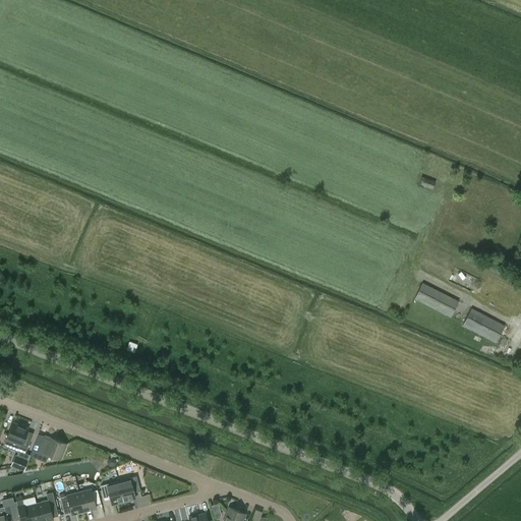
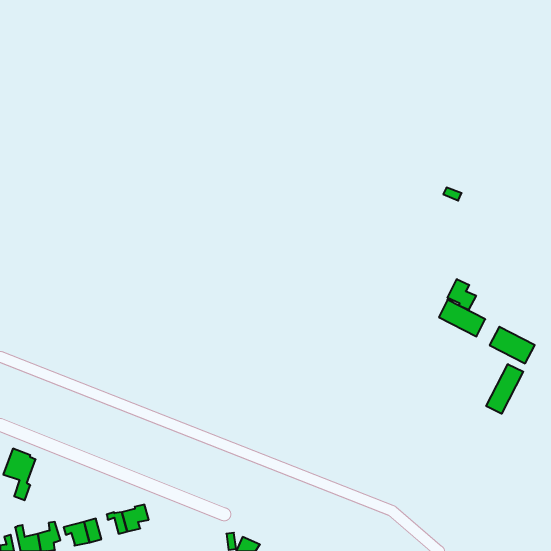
building: none -> [447,279,476,310]
building: none -> [486,364,523,414]
building: [38,438,66,460] -> none

